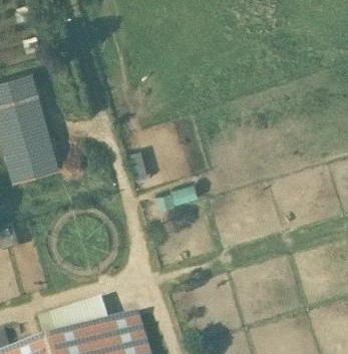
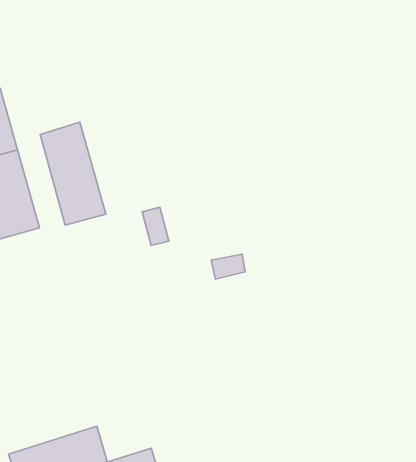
building: none -> [40,122,106,225]

